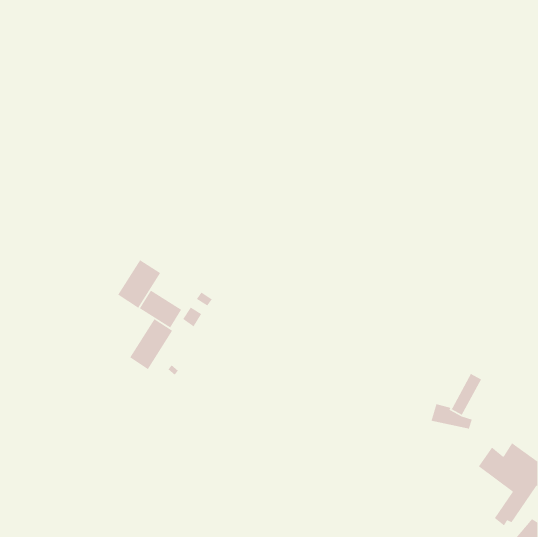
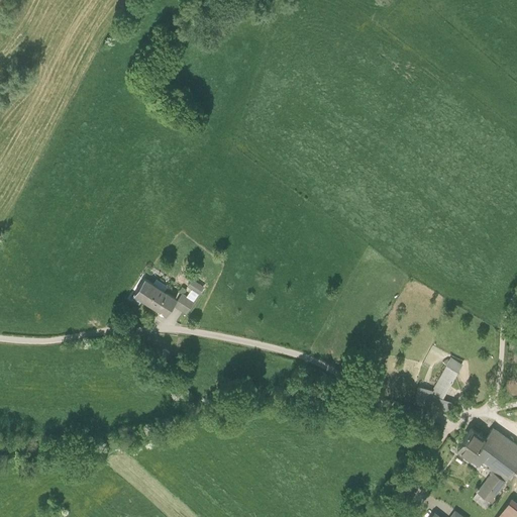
building: [117,259,161,309] -> none
building: [129,318,173,370] -> none

